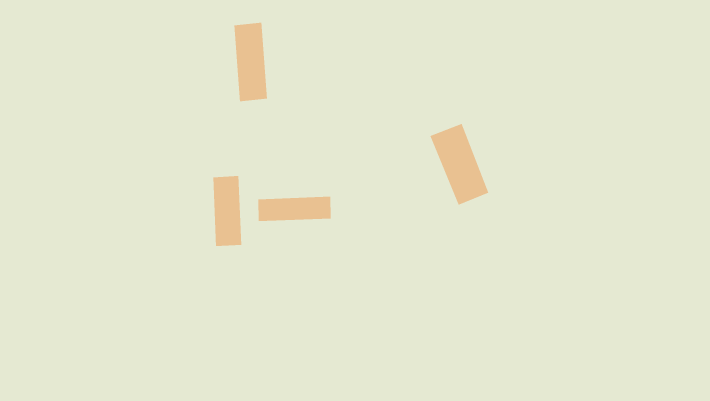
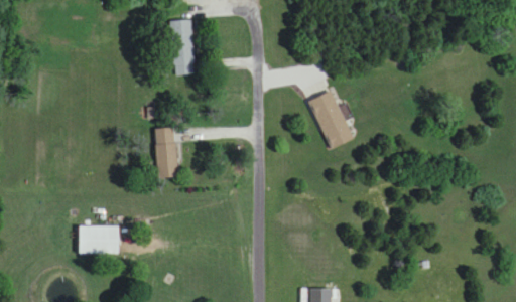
building: [258,196,331,222] -> none
building: none -> [79,225,119,254]

